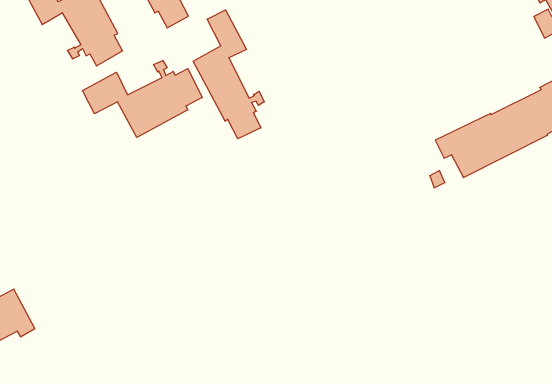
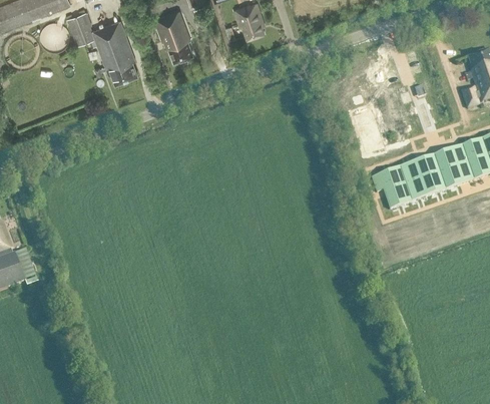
building: [193,10,264,139] -> none
building: [83,60,202,137] -> none

